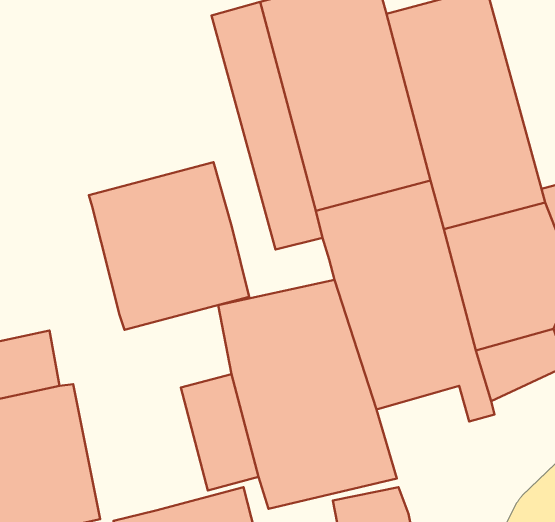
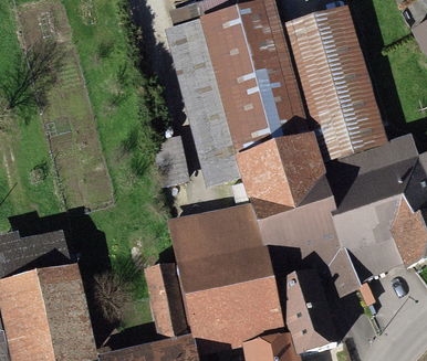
building: [89,162,249,330] -> none
building: none -> [278,275,339,355]

